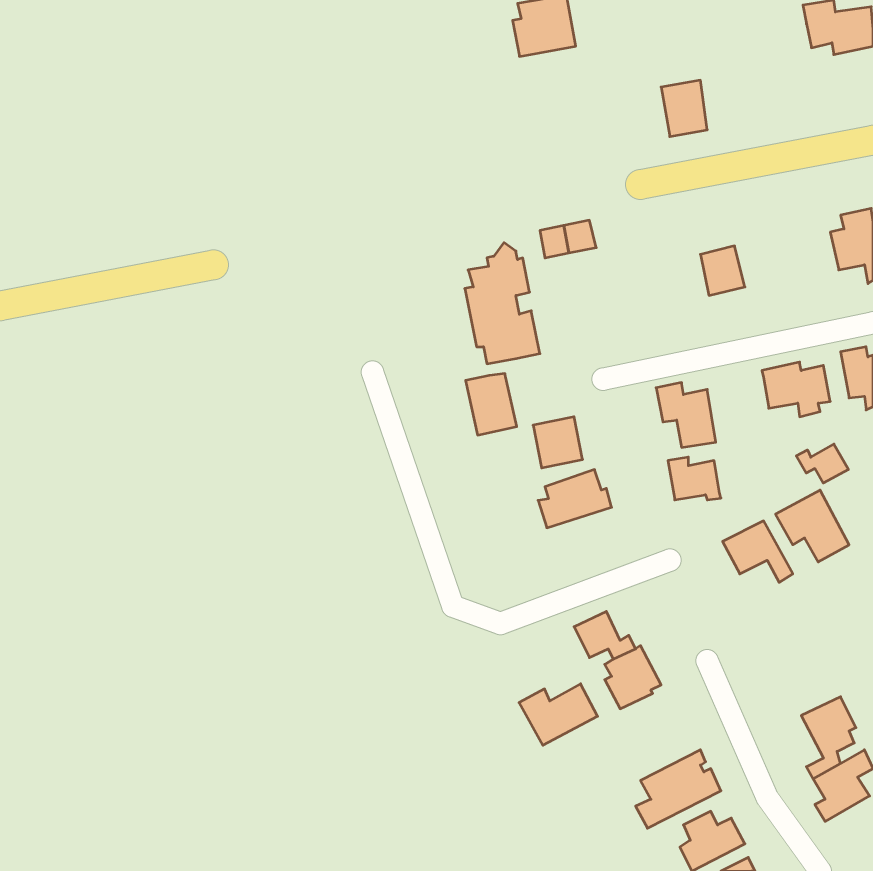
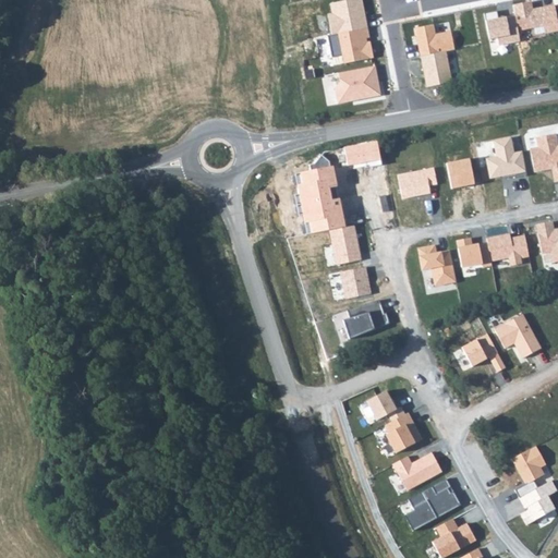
building: none -> [484,11,519,45]
building: none -> [416,24,456,56]
building: none -> [328,29,372,62]
building: none -> [335,64,381,102]
building: none -> [486,137,526,178]
building: none -> [397,166,438,197]
building: [466,374,517,435] -> [329,225,362,264]
building: [796,444,848,483] -> none
building: [668,457,721,500] -> [458,239,492,266]
building: [519,684,598,745] -> [392,451,442,490]

